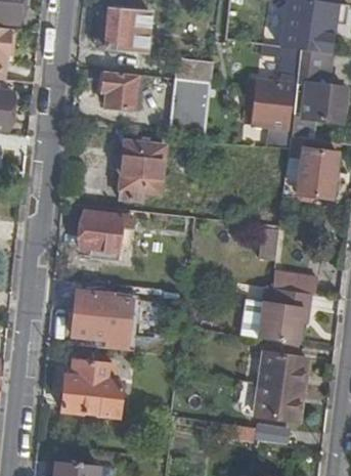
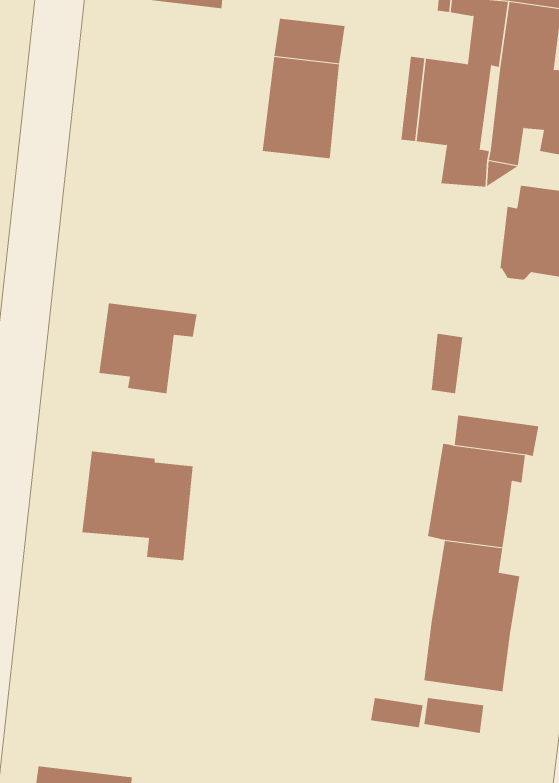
building: [102,71,141,110] -> none
building: [118,141,166,201] -> none
building: [62,360,123,417] -> none

